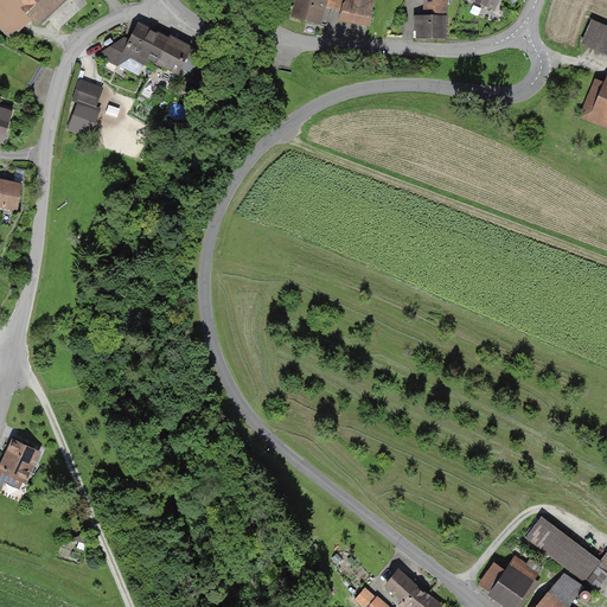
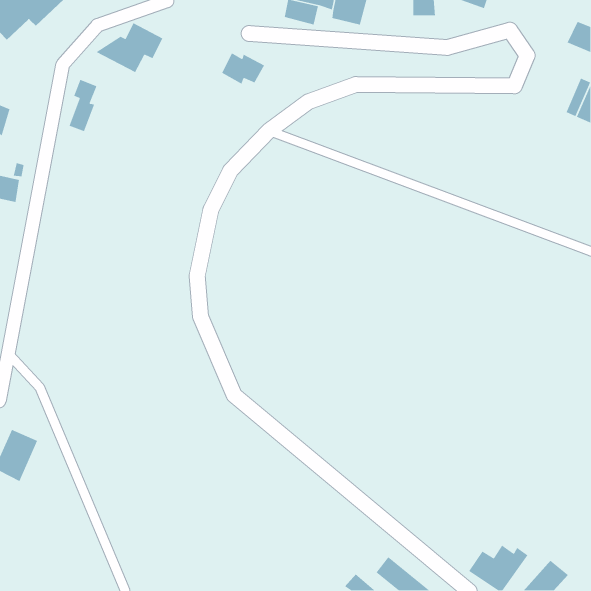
building: [414,17,446,38] -> none
building: [156,39,202,72] -> [221,52,265,85]
building: [525,516,599,581] -> none

